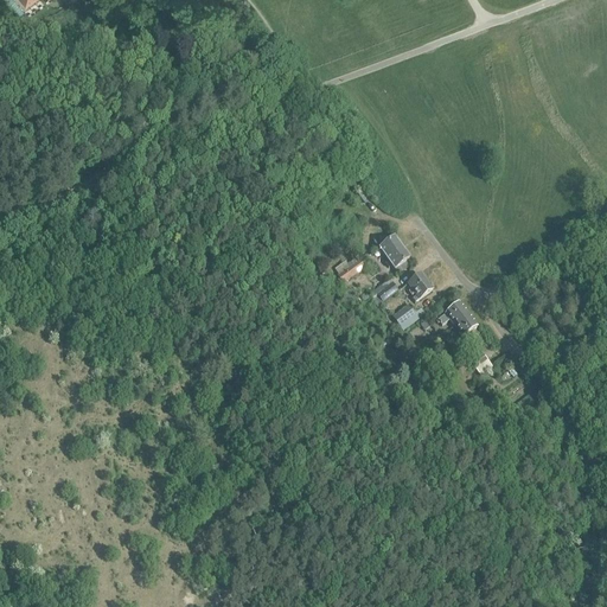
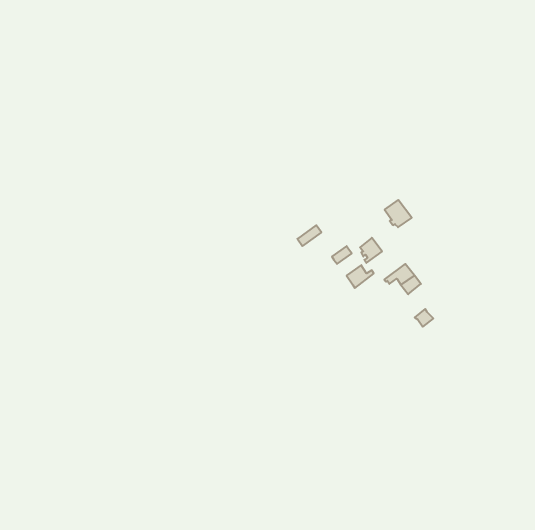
building: [378,234,409,264] -> [385,200,412,227]

